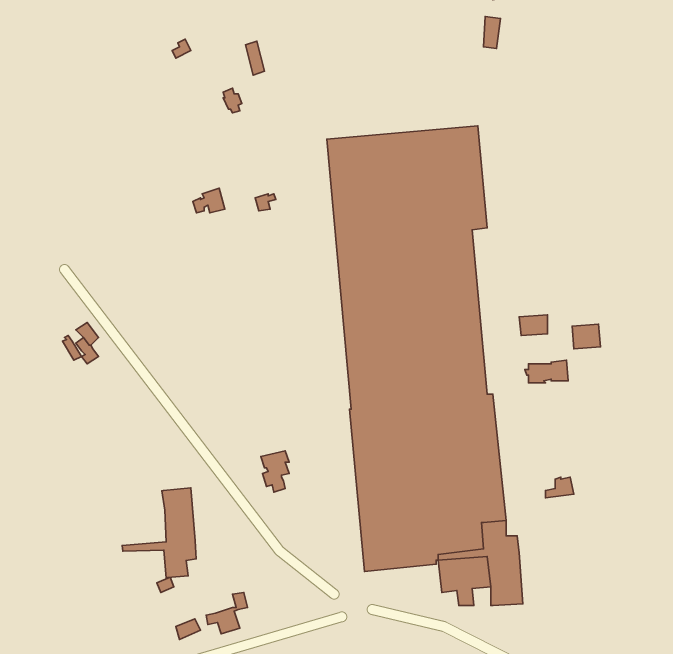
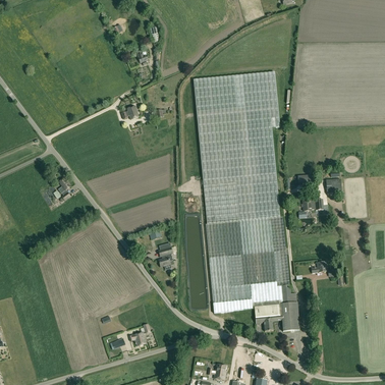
building: [122,488,196,578] -> none

